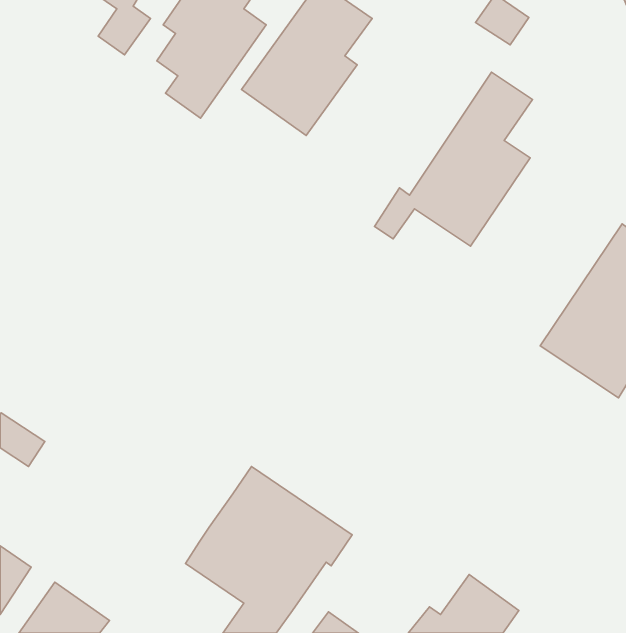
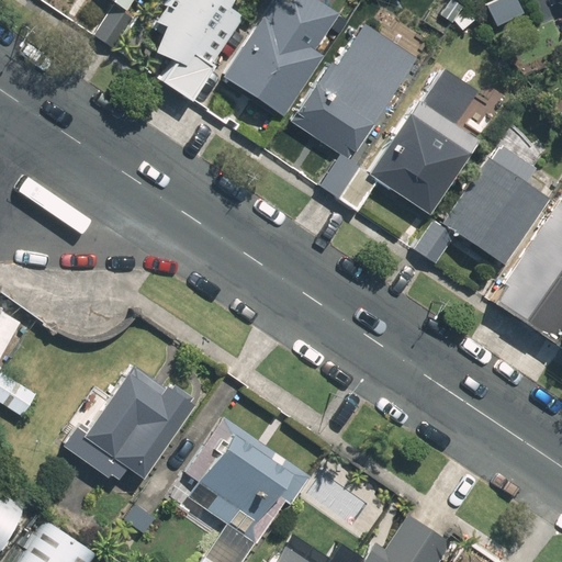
building: none -> [288,19,428,200]
building: none -> [415,160,544,269]
building: none -> [77,359,206,519]

